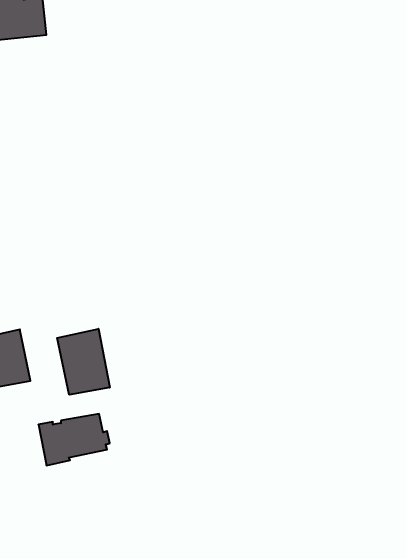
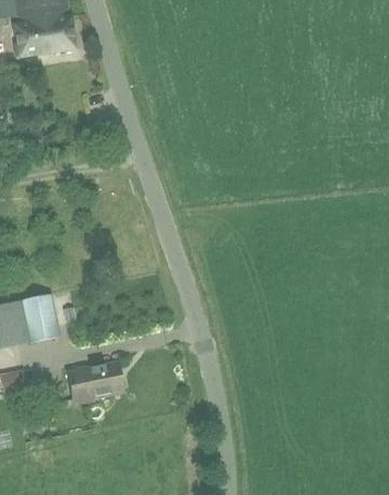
building: [57,329,110,395] -> none

